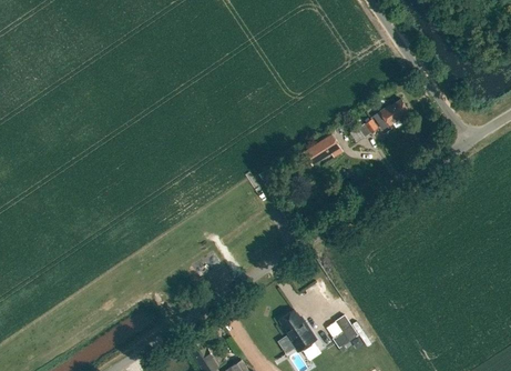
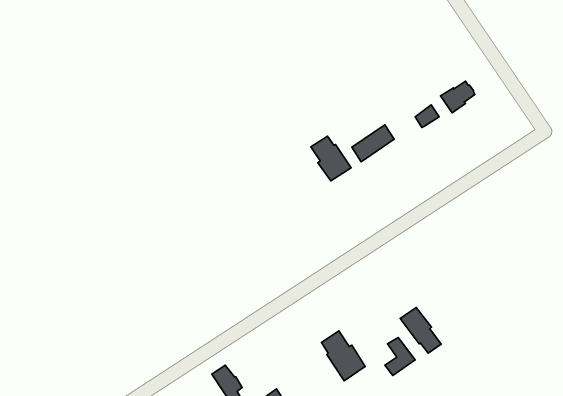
building: none -> [311,136,351,181]
building: none -> [400,307,441,353]

